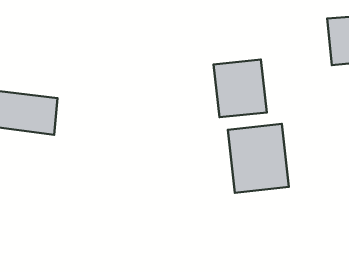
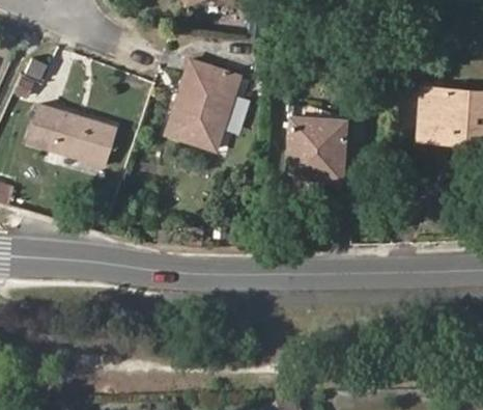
building: none -> [167,59,239,148]
building: [228,124,289,193] -> none

